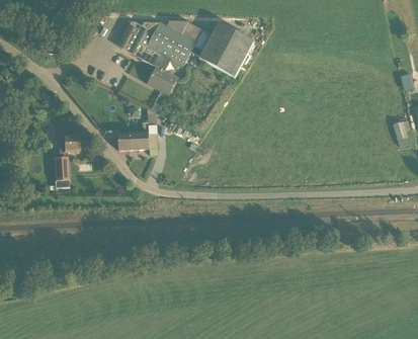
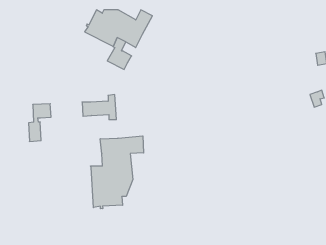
building: [190,21,254,77] -> none
building: none -> [91,136,144,209]

